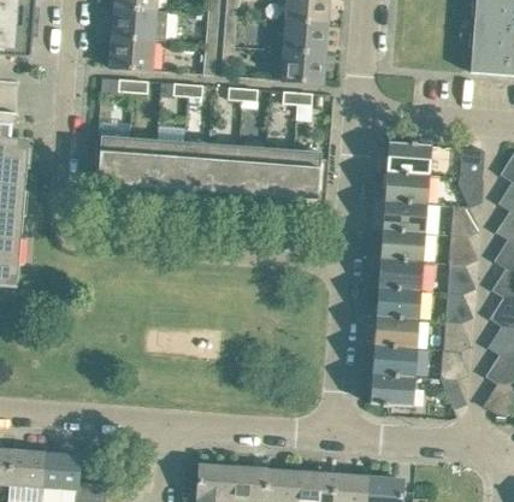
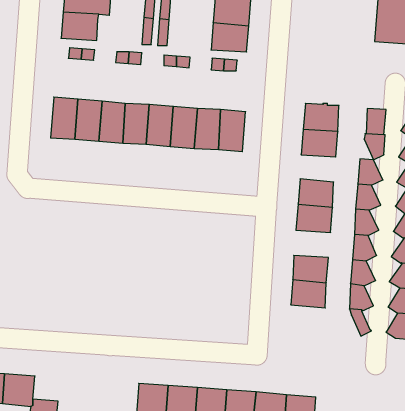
building: [384,201,425,232] -> none
building: [377,288,419,319] -> none
building: [371,373,413,406] -> none

